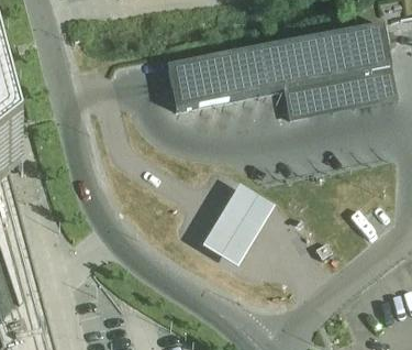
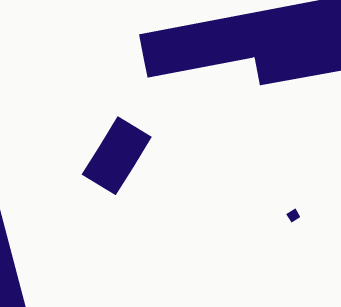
building: [198,183,271,265] -> [80,115,153,196]

